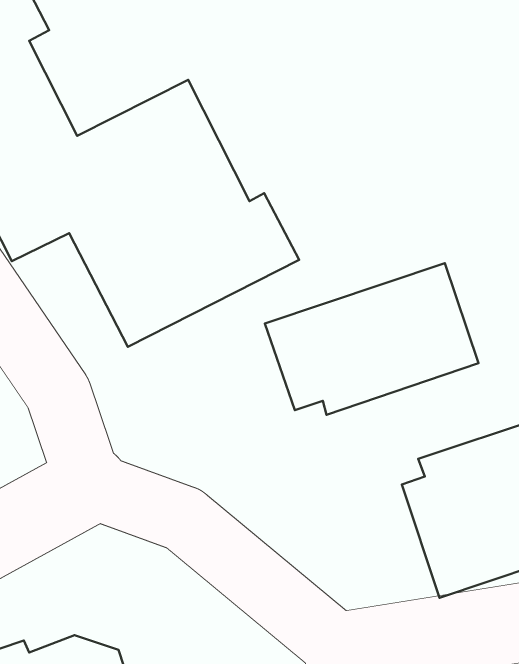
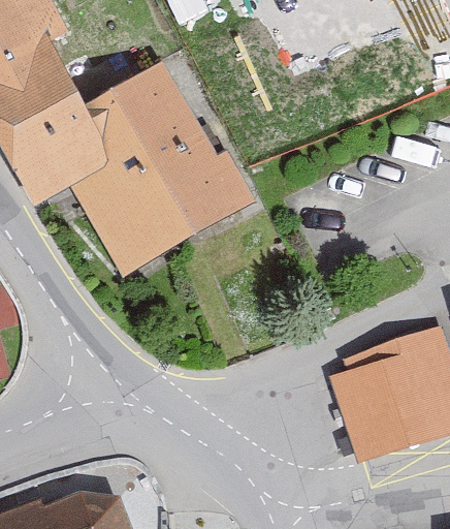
building: [265,263,479,415] -> none

